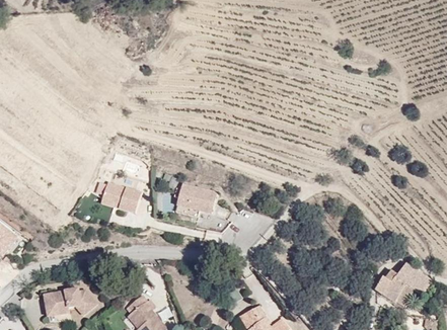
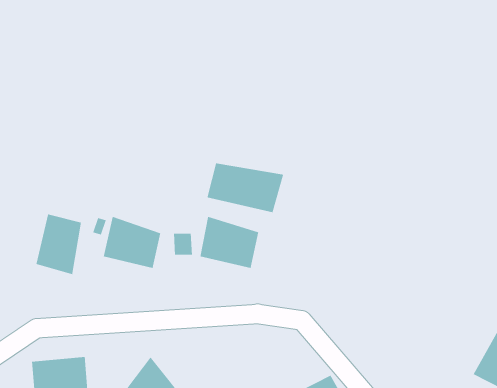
building: none -> [206,162,284,213]
building: none -> [35,214,82,275]

